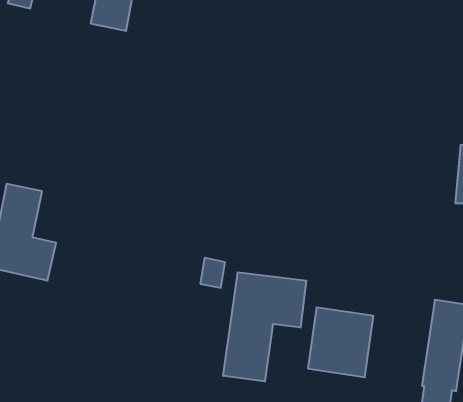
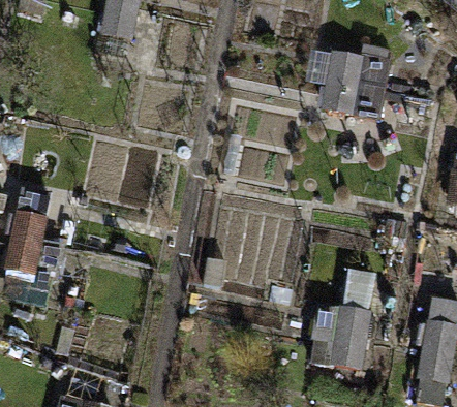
building: none -> [321,45,391,119]
building: [223,272,306,382] -> none

